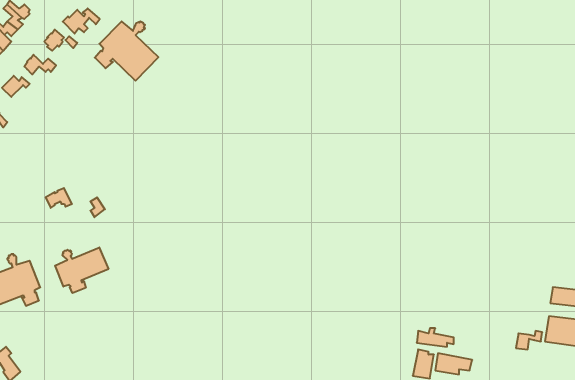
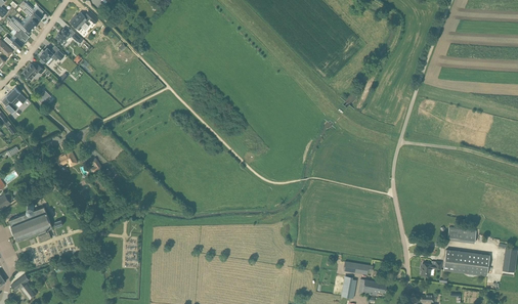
building: [95,21,158,81] -> none
building: [55,247,108,293] -> none

